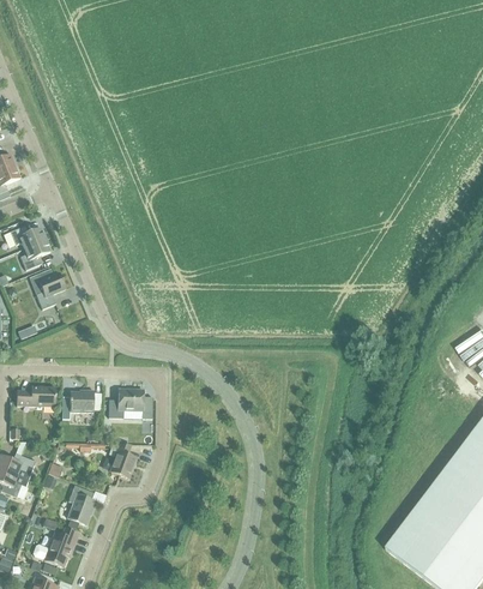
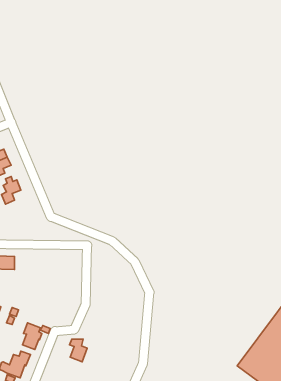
building: [108,387,152,417] -> none
building: [62,389,93,417] -> none
building: [109,444,135,477] -> [69,339,87,362]

